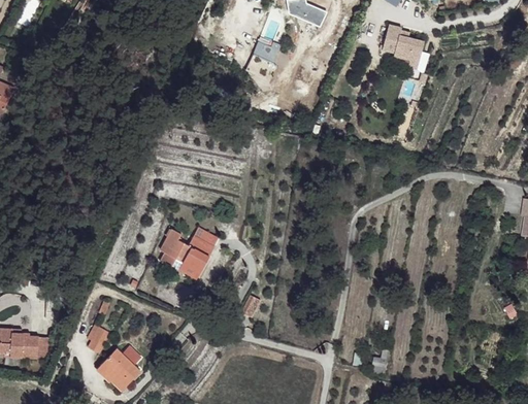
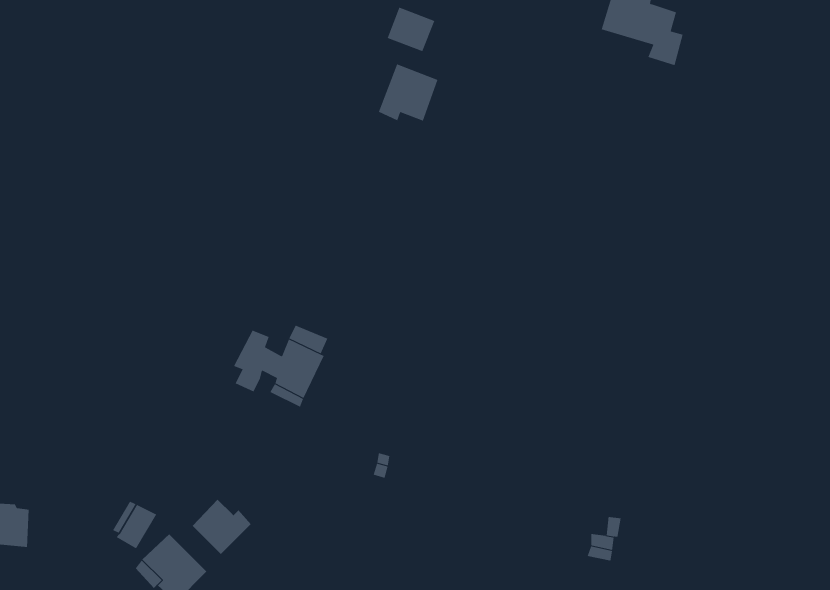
building: none -> [378,63,438,122]
building: none -> [192,499,252,555]

